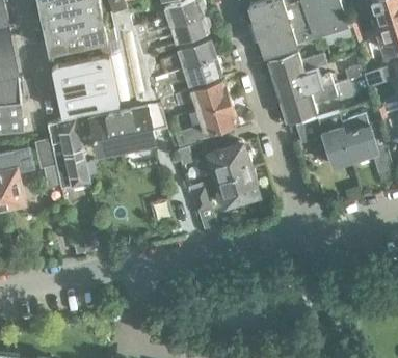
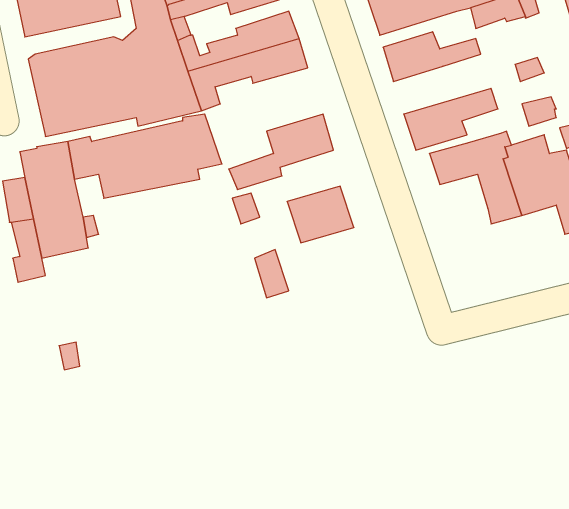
building: [273,73,333,102] -> none
building: [157,79,231,112] -> none
building: [217,170,258,206] -> none

